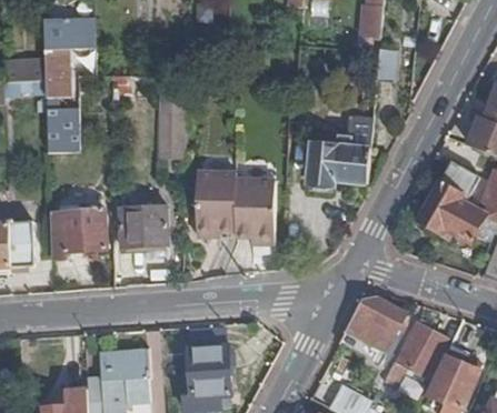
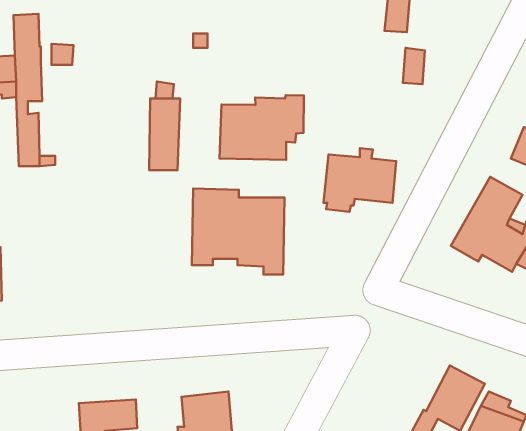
building: none -> [219,95,304,160]
building: [119,205,168,245] -> none
building: [50,208,107,258] -> none
building: [339,295,405,361] -> none

